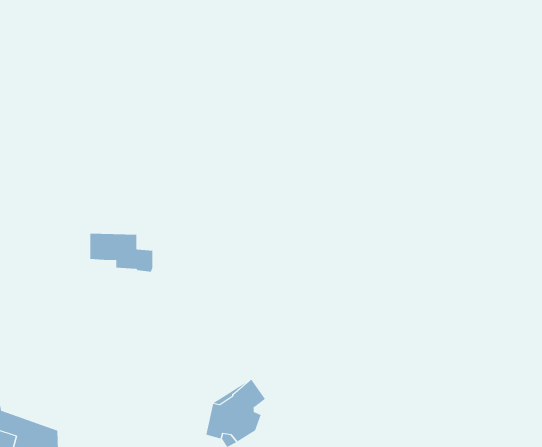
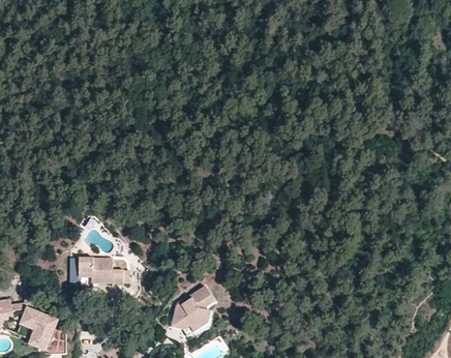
building: [90,233,153,272] -> [78,258,123,286]

